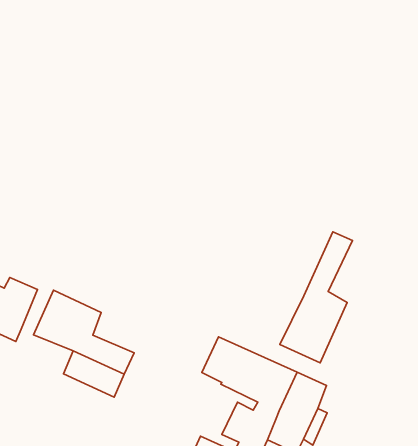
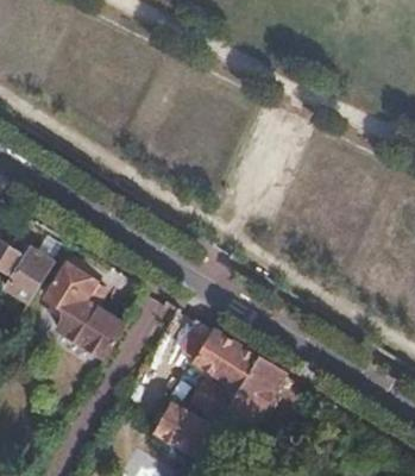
building: [280,232,353,363] -> none

